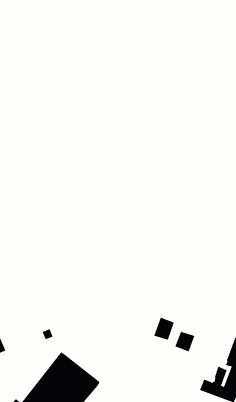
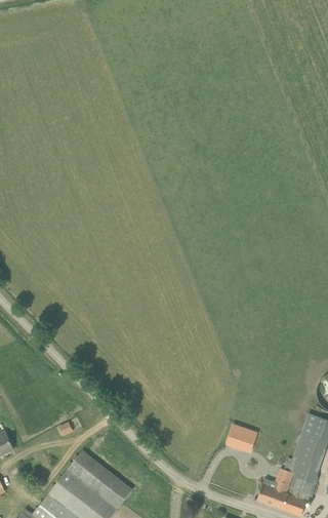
building: [154,317,174,341] -> none

